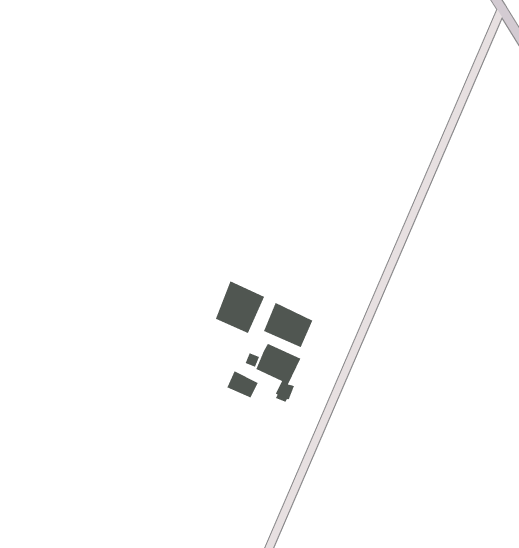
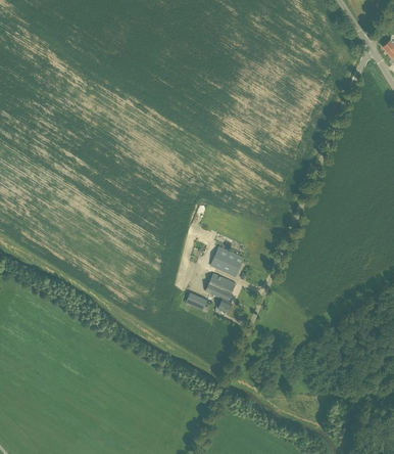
building: [215,281,265,334] -> none

